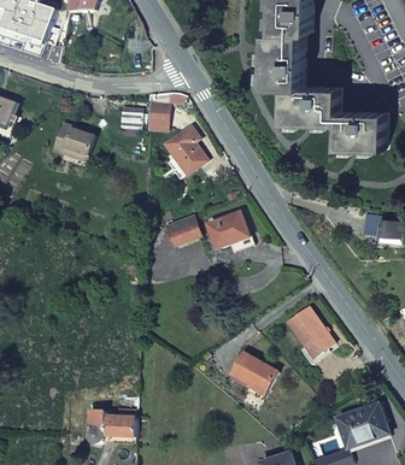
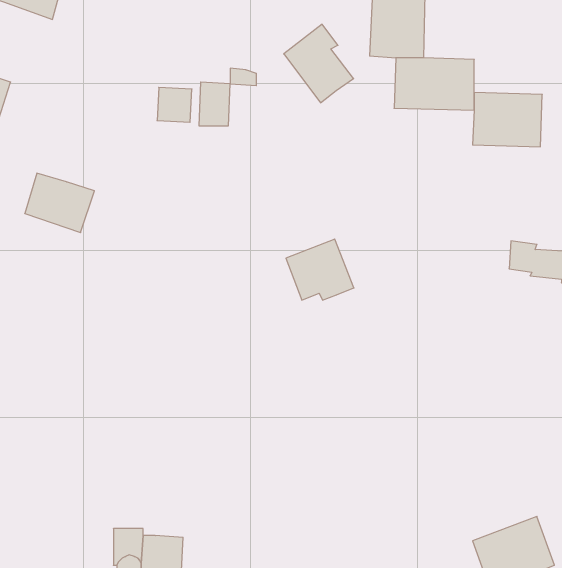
building: [49,122,98,163] -> [25,173,94,233]
building: [162,123,210,177] -> [284,24,354,103]
building: [164,212,201,247] -> none
building: [284,305,335,363] -> none
building: [224,349,277,400] -> none

